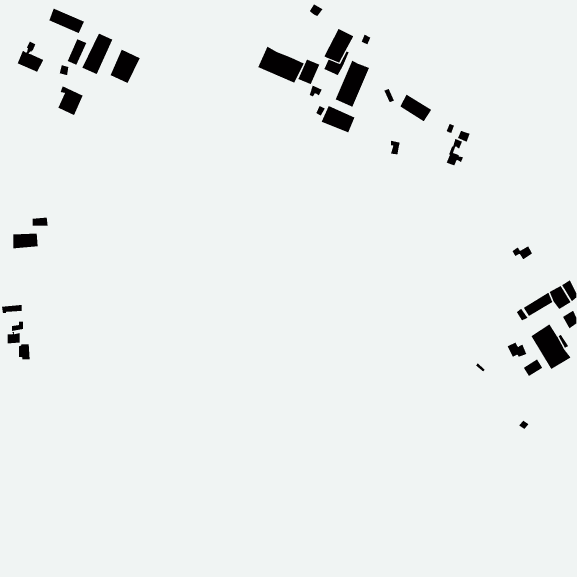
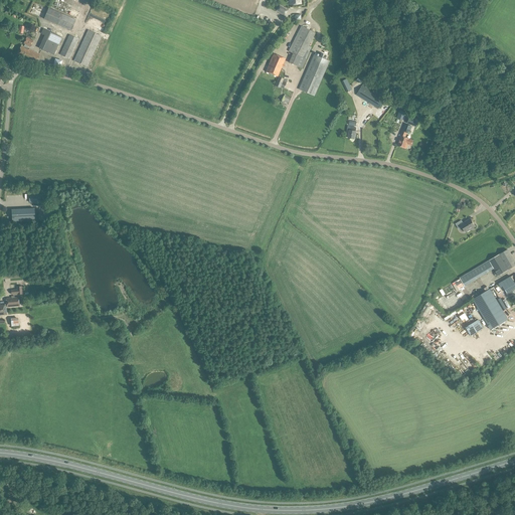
building: [258,46,304,84] -> none
building: [110,49,140,84] -> none
building: [58,85,84,116] -> [38,27,61,54]
building: [321,105,355,133] -> none

